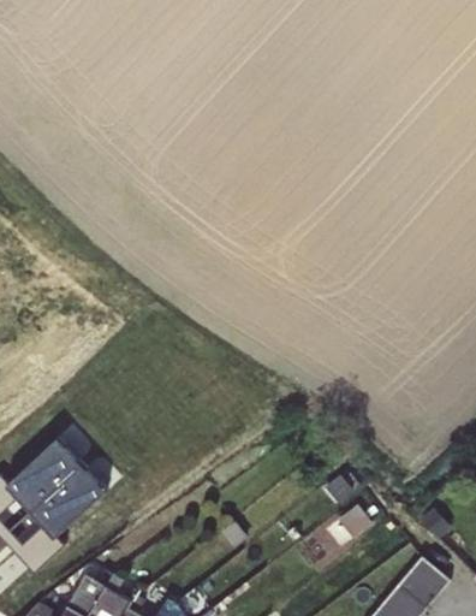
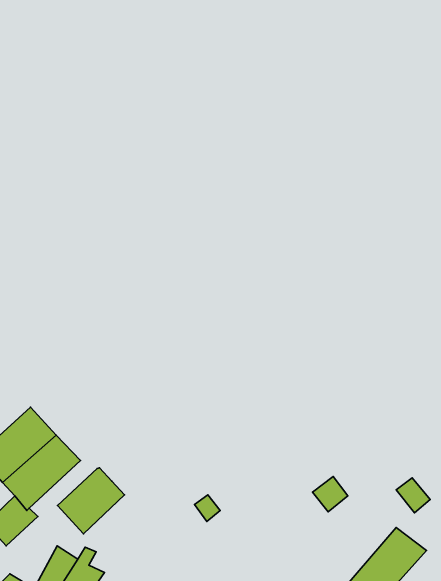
building: none -> [57,468,124,534]

